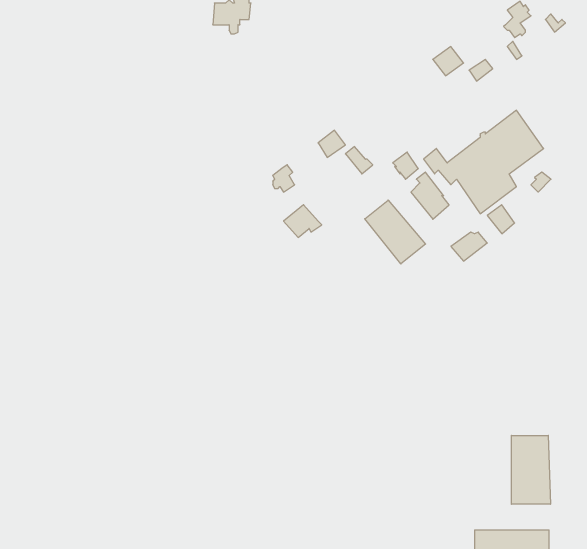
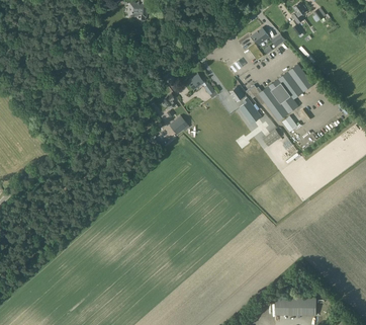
building: [365,200,426,264] -> none
building: [511,435,550,504] -> none

